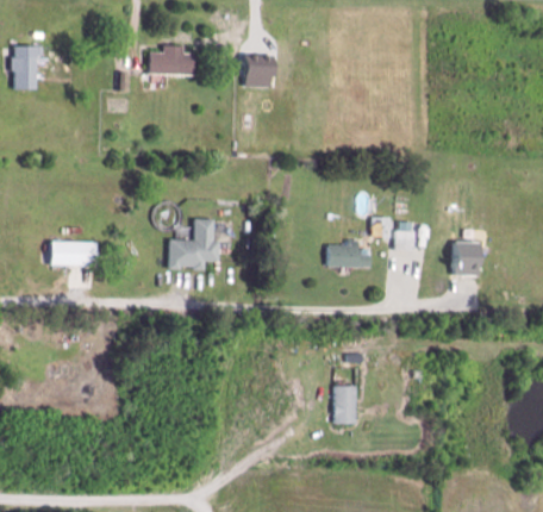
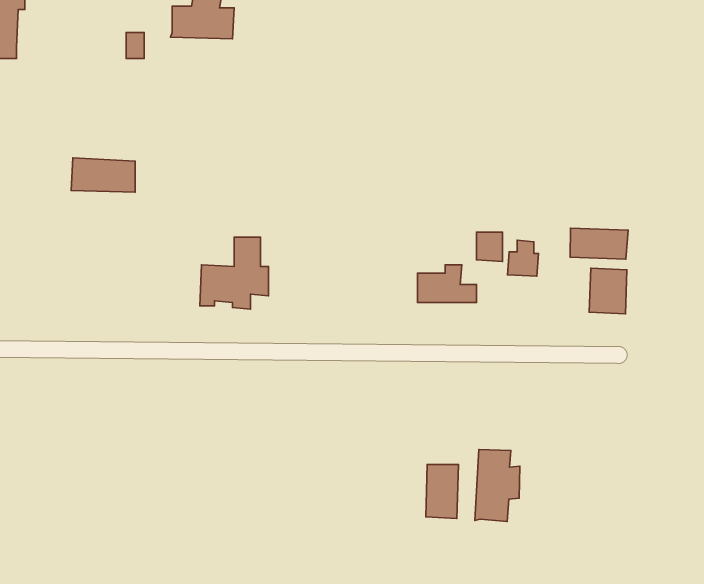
building: [243,55,273,87] -> none
building: none -> [570,228,628,259]
building: [50,241,96,266] -> [71,158,135,192]
building: none -> [475,450,520,522]

